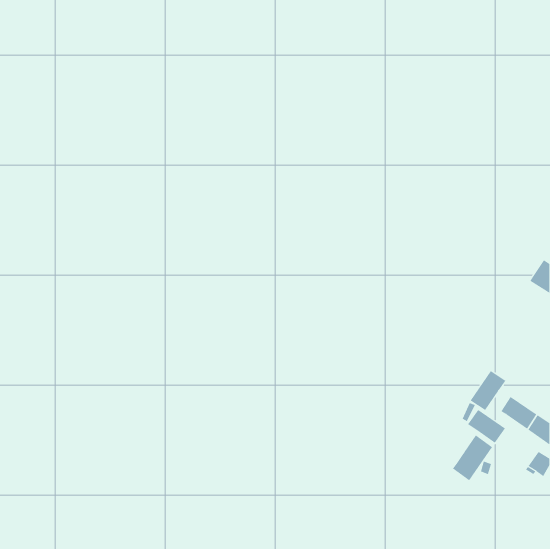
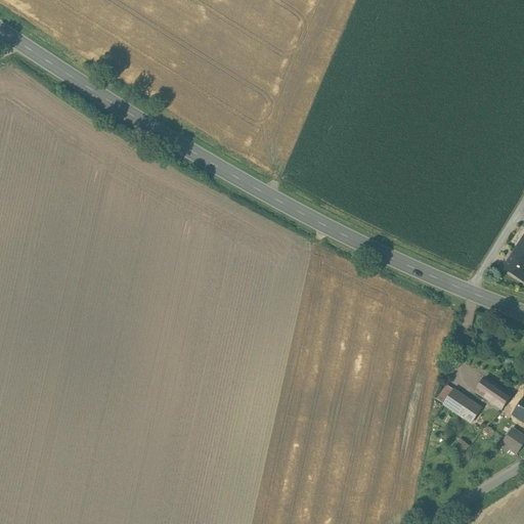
building: [470,370,506,411] -> none
building: [452,434,493,481] -> none

